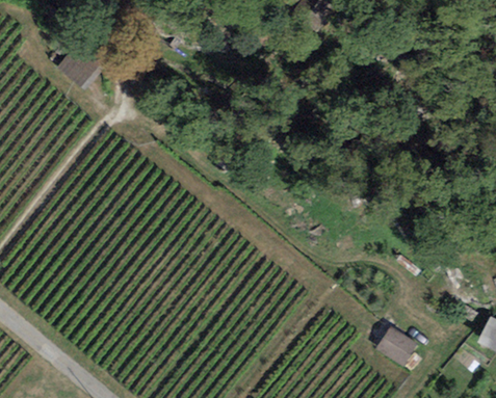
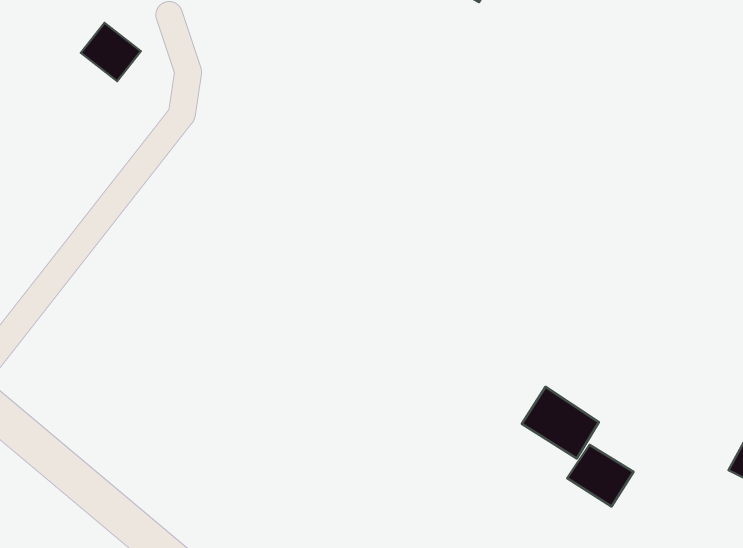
building: none -> [522,387,599,459]

